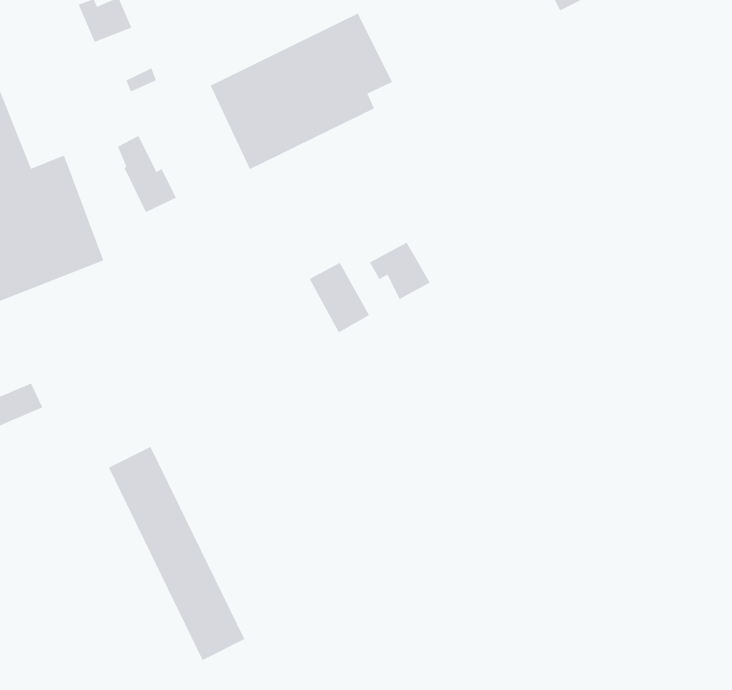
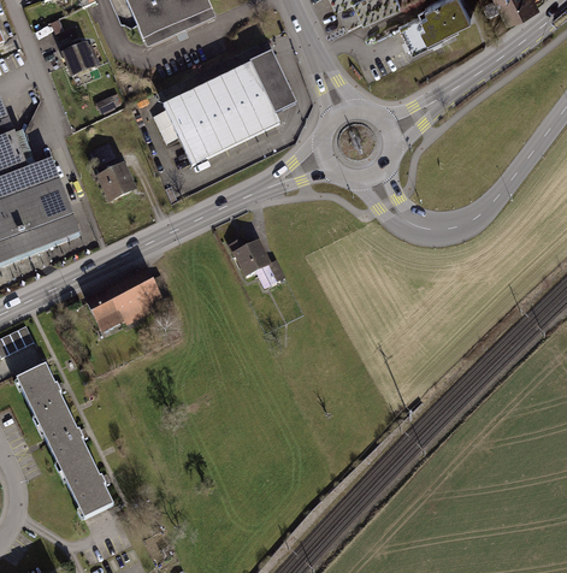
building: [369,242,430,300] -> none
building: none -> [91,265,169,327]
building: [108,446,245,661] -> [18,362,118,519]

